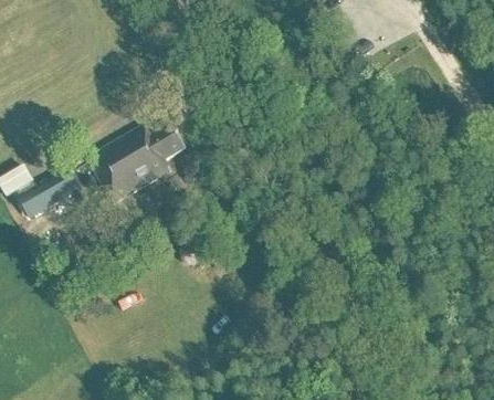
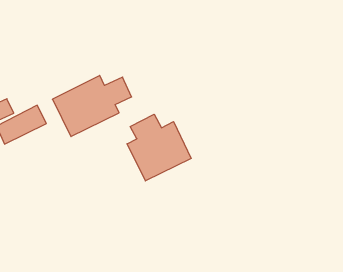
building: none -> [127,114,191,181]

